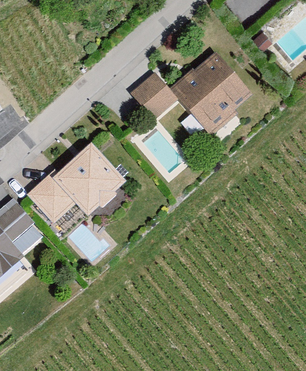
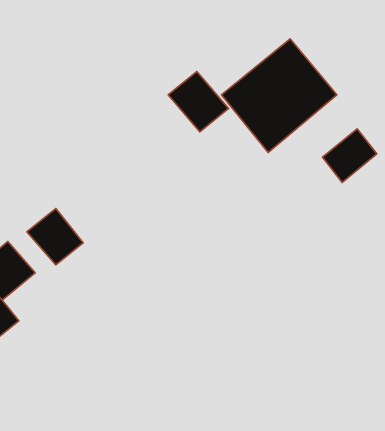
building: none -> [323,129,377,182]
building: [54,149,121,216] -> none

